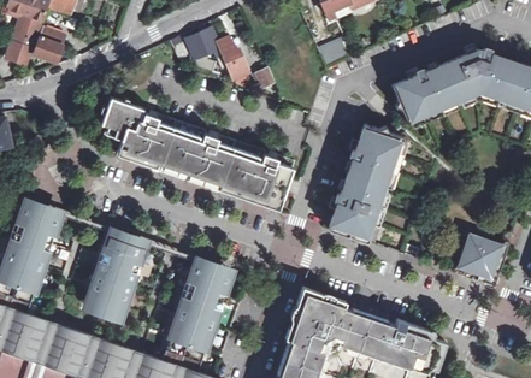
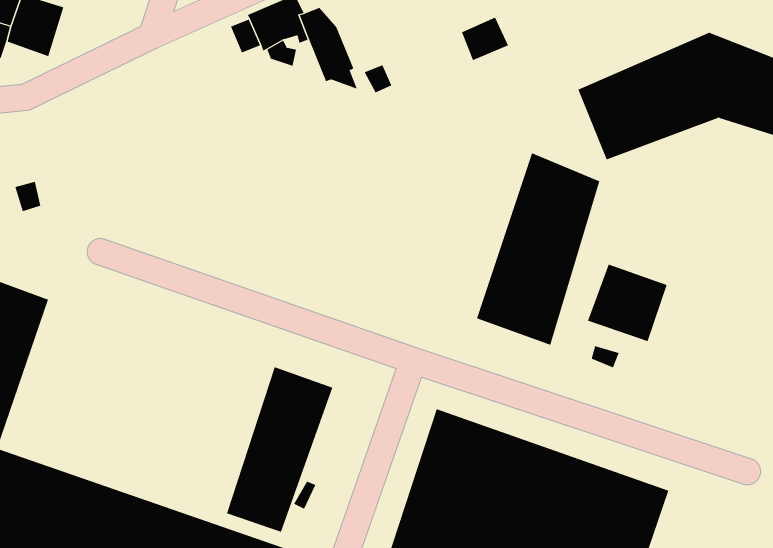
building: [93,99,294,211] -> none
building: [87,232,149,324] -> none
building: [454,234,505,283] -> [587,264,667,342]

